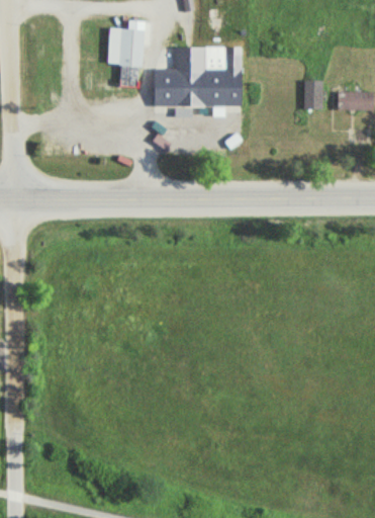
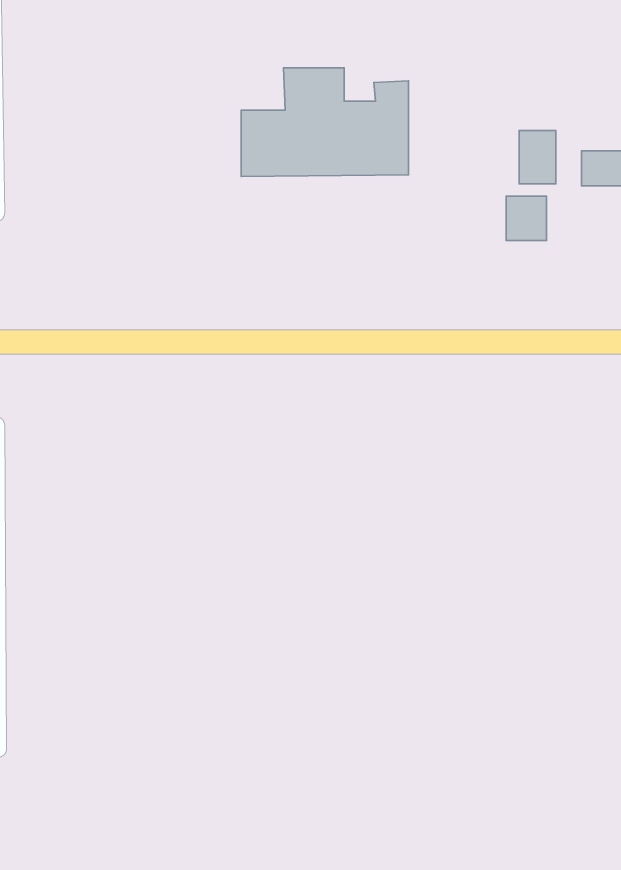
building: [106,26,143,86] -> none
building: none -> [506,196,547,240]

